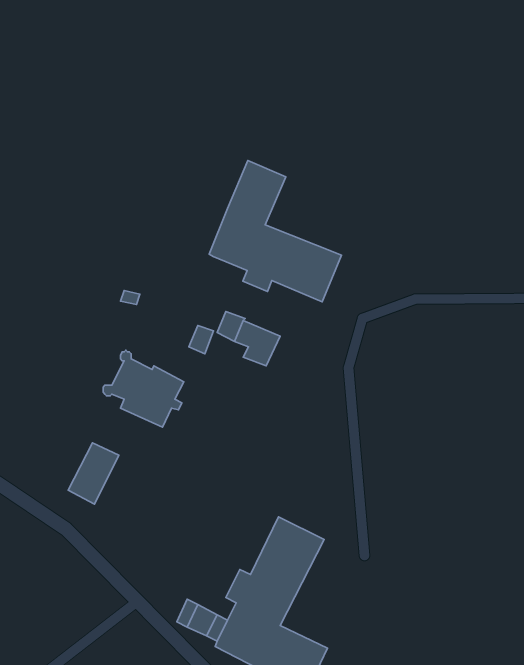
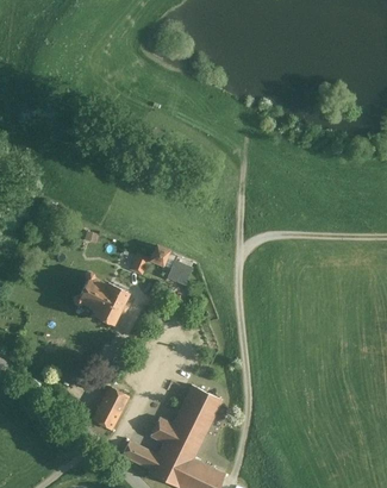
building: [209,161,341,302] -> none
building: [68,443,119,504] -> [93,387,127,428]

